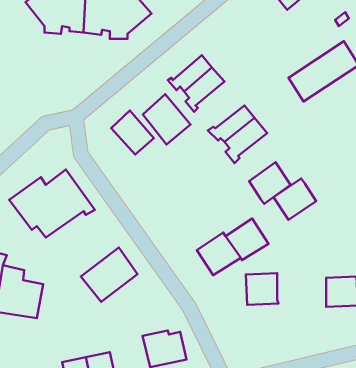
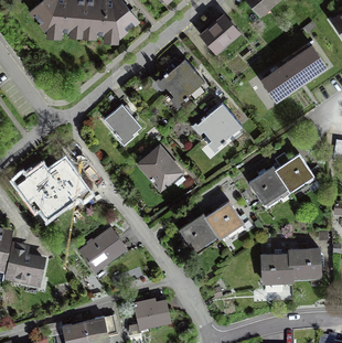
building: none -> [201,14,241,53]
building: [143,94,190,145] -> [142,146,184,190]
building: [249,162,291,204] -> [275,152,311,189]
building: [246,273,279,305] -> [266,254,295,281]

